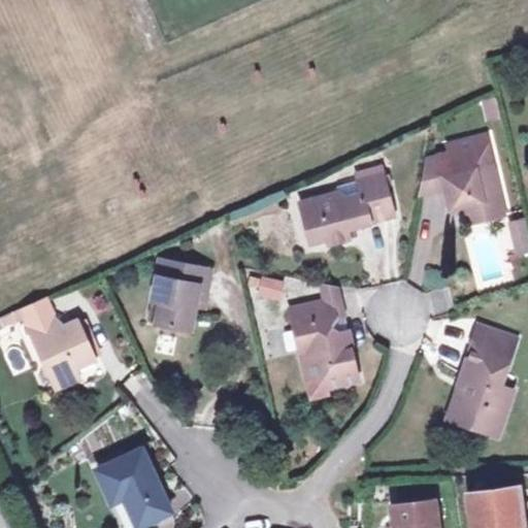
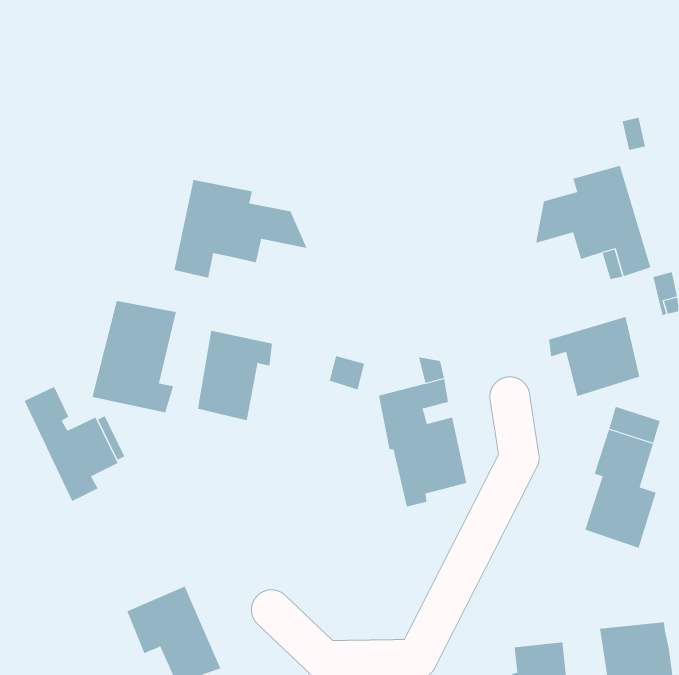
building: none -> [174,179,307,279]
building: [304,172,396,244] -> none
building: none -> [92,300,177,413]
building: none -> [548,316,640,397]

